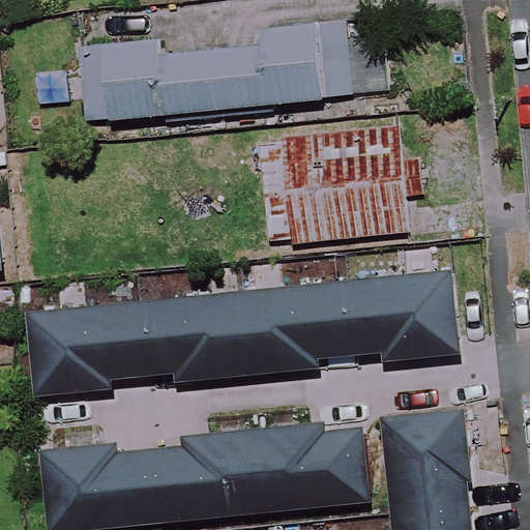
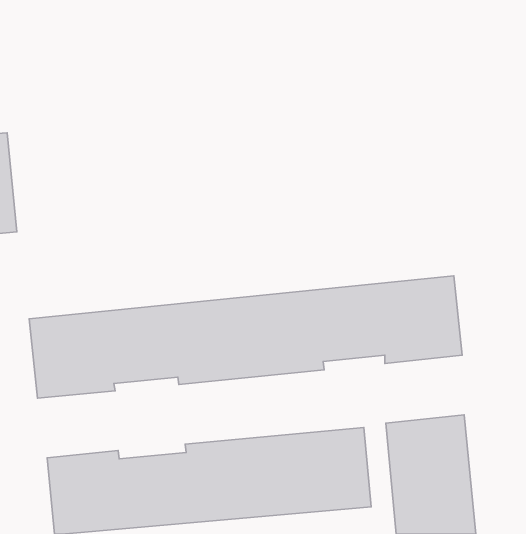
building: [76,14,381,122] -> none
building: [256,124,407,244] -> none

